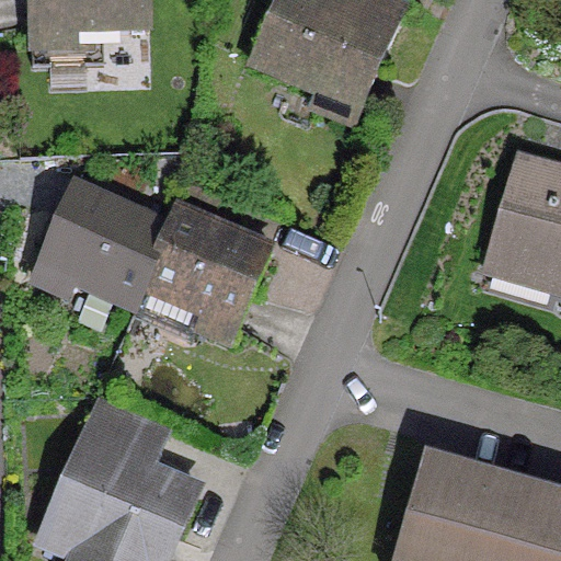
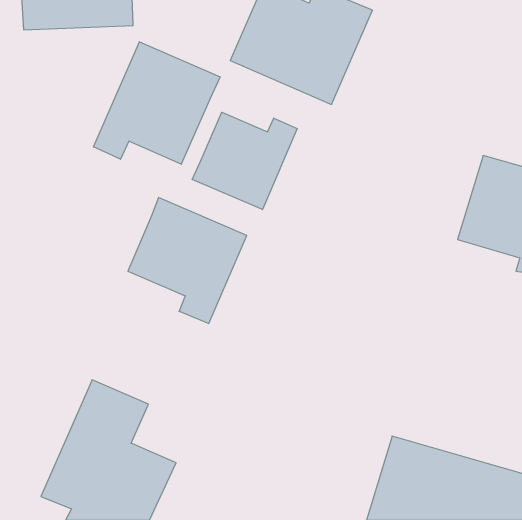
building: none -> [94,42,220,164]
building: none -> [192,112,297,210]
building: [36,191,163,310] -> none

